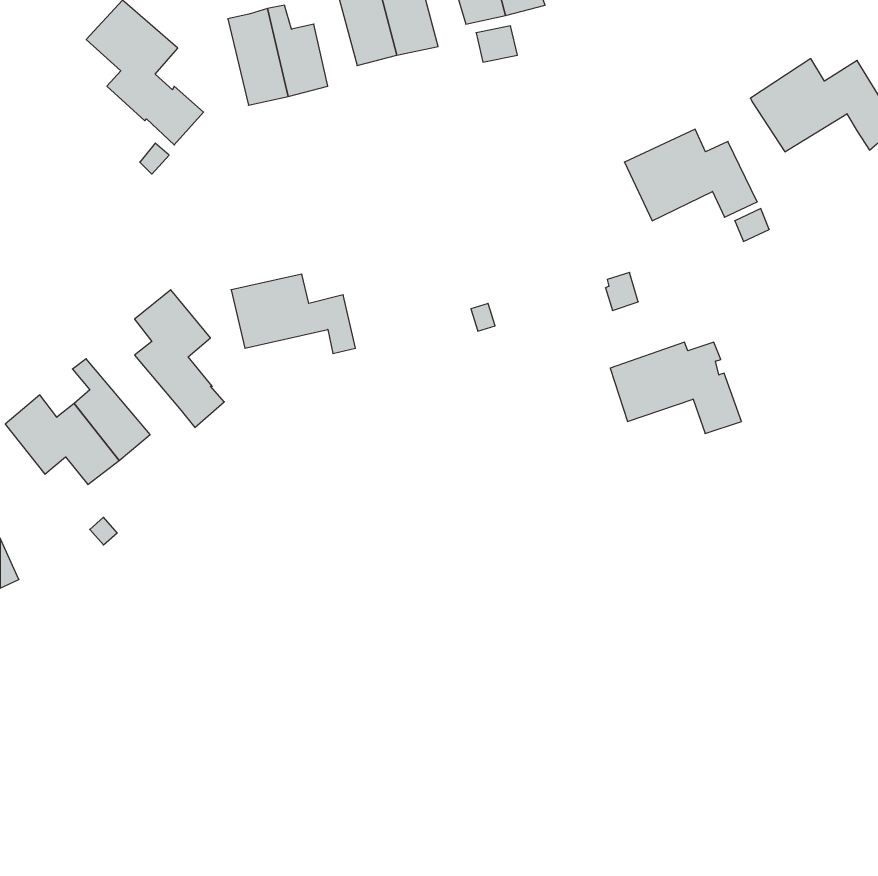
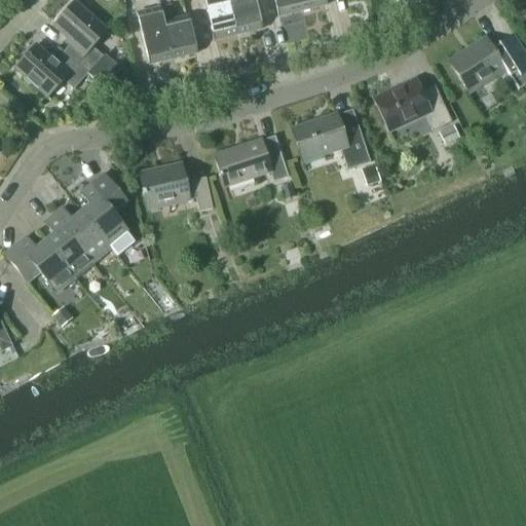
building: none -> [15,43,88,97]
building: none -> [215,135,289,185]
building: [610,342,741,434] -> [293,113,371,167]
building: none -> [53,206,110,259]

